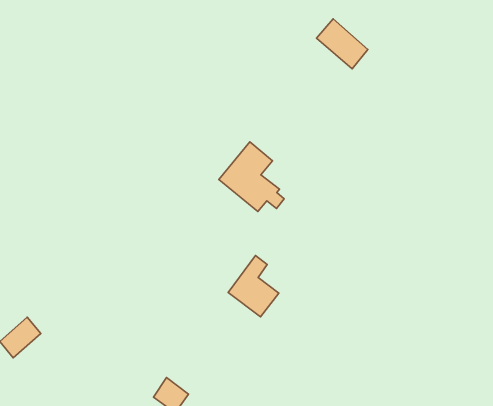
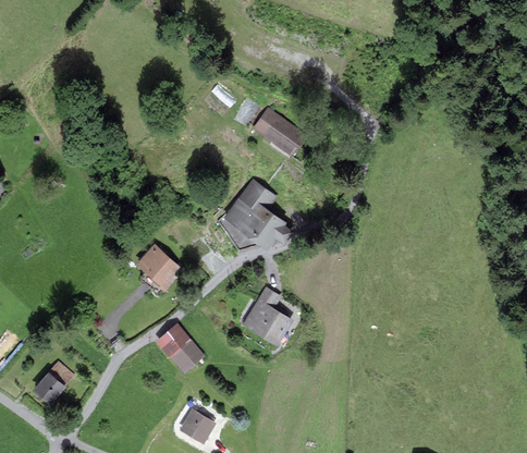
building: [317,19,368,69] -> [254,108,303,154]
building: none -> [138,246,180,287]
building: none -> [156,325,203,372]

